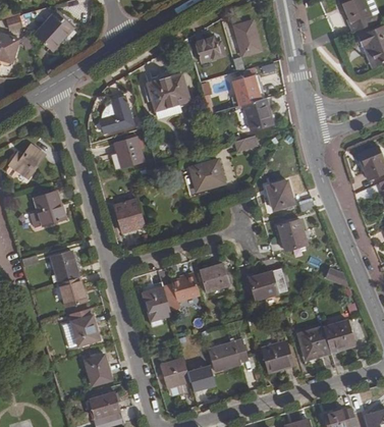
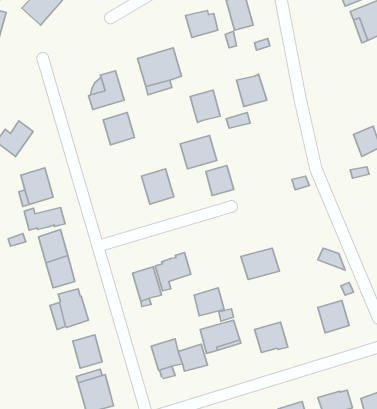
building: [231,74,261,106] -> [190,90,220,122]
building: [266,179,293,209] -> [206,165,234,196]
building: [113,198,145,232] -> [142,169,174,204]
building: [277,218,307,251] -> none
building: none -> [24,207,65,230]
building: [200,263,229,290] -> [194,288,224,316]
building: [297,326,330,359] -> none

